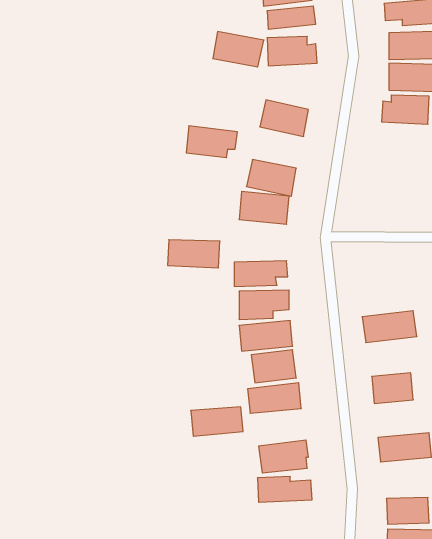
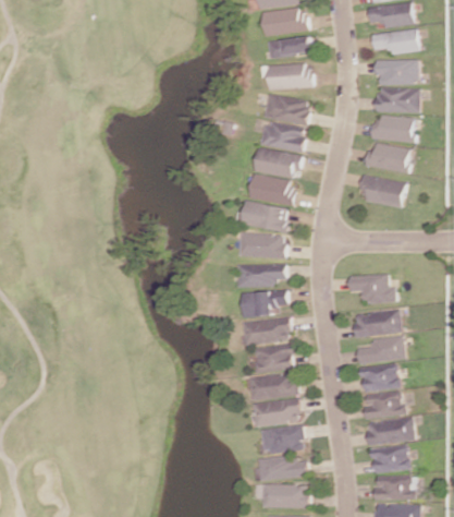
building: [213,32,264,67] -> [263,94,309,125]
building: [186,126,237,158] -> [255,148,300,177]
building: none -> [364,144,408,171]
building: none -> [358,175,404,208]
building: [168,240,220,268] -> [238,233,285,258]
building: none -> [348,275,395,303]
building: none -> [356,336,404,363]
building: none -> [364,392,404,418]
building: [191,407,243,436] -> [253,399,299,425]
building: none -> [370,444,408,473]
building: none -> [261,484,308,507]

